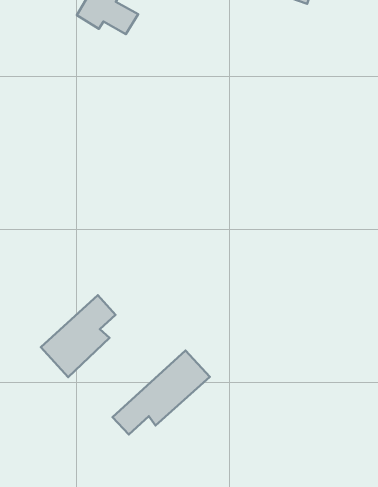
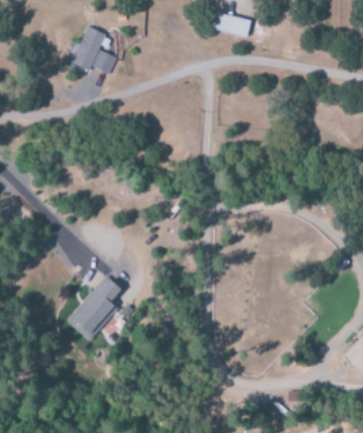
building: [113,350,210,434] -> none

